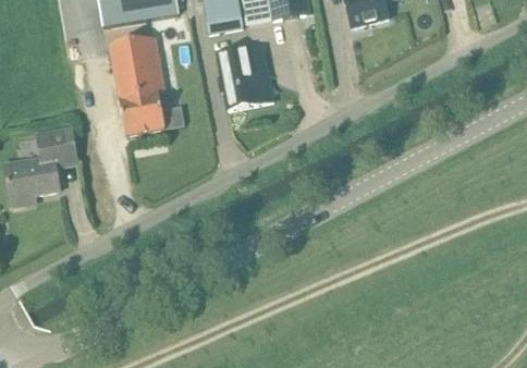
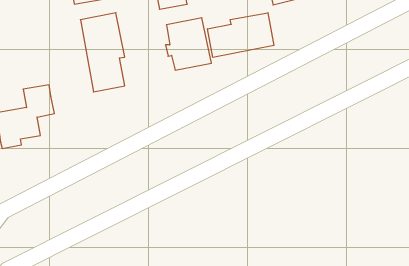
building: none -> [208,13,274,57]

